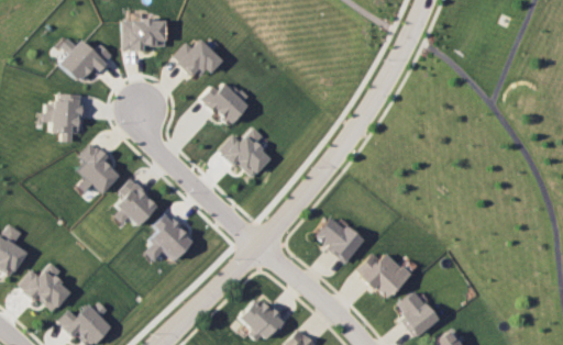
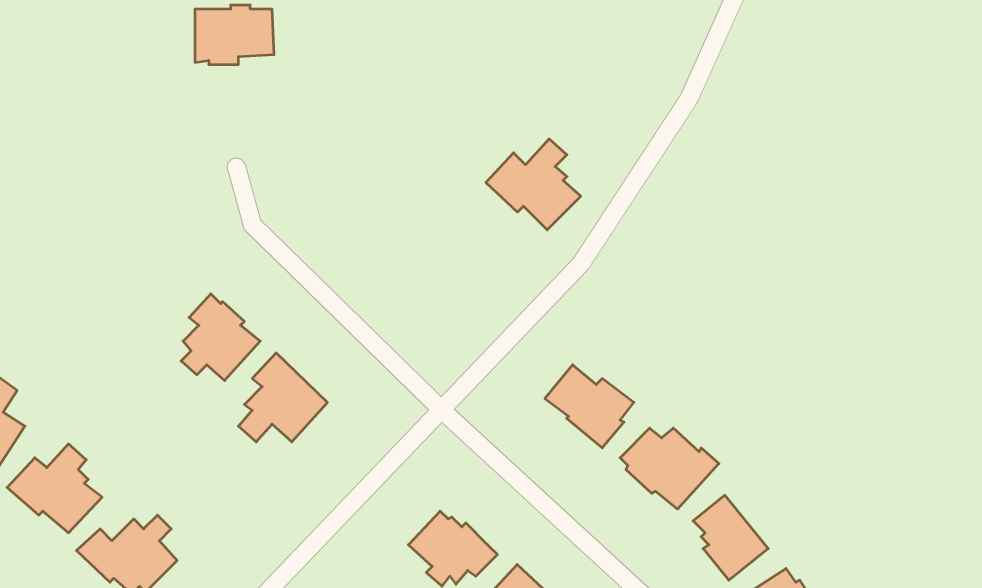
building: [58,37,112,81] -> none
building: [173,38,223,76] -> none
building: [200,81,251,125] -> none
building: [42,93,82,142] -> none
building: [220,126,273,177] -> [486,139,581,230]
building: [77,143,120,193] -> none

